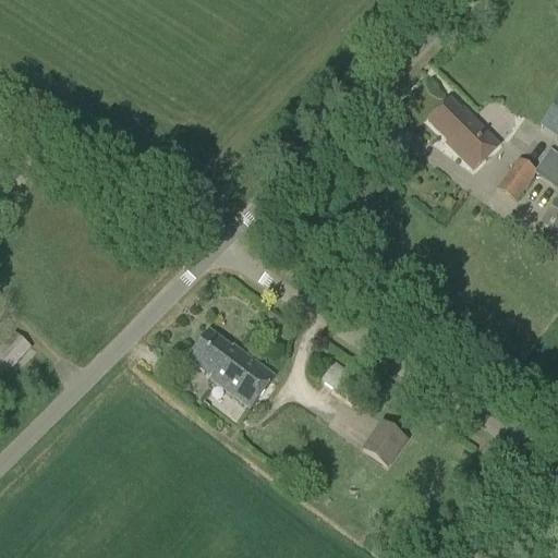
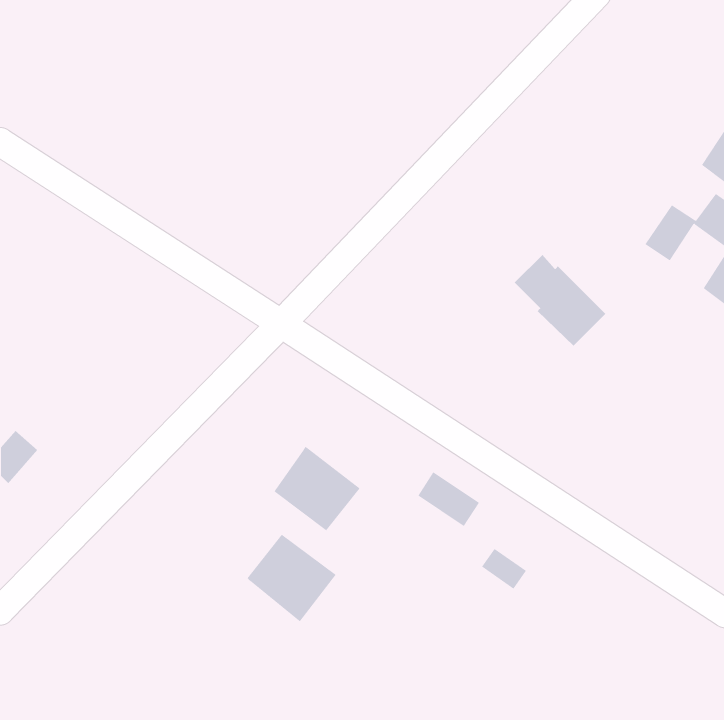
building: [430,97,501,168] -> [514,254,606,347]
building: [190,329,233,375] -> none
building: none -> [247,534,336,622]

